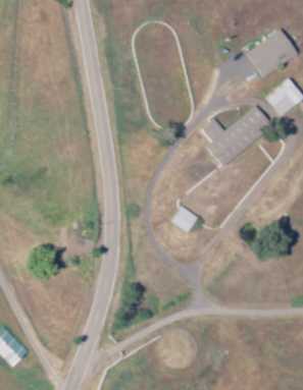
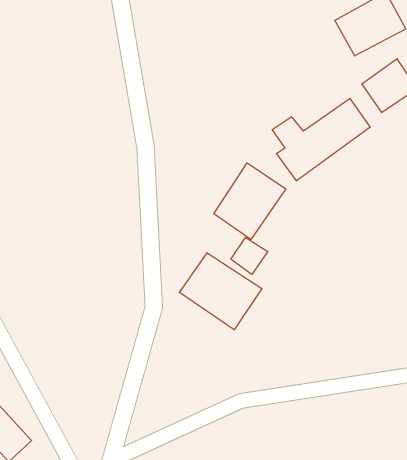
building: none -> [214,163,286,240]
building: none -> [179,253,262,330]

